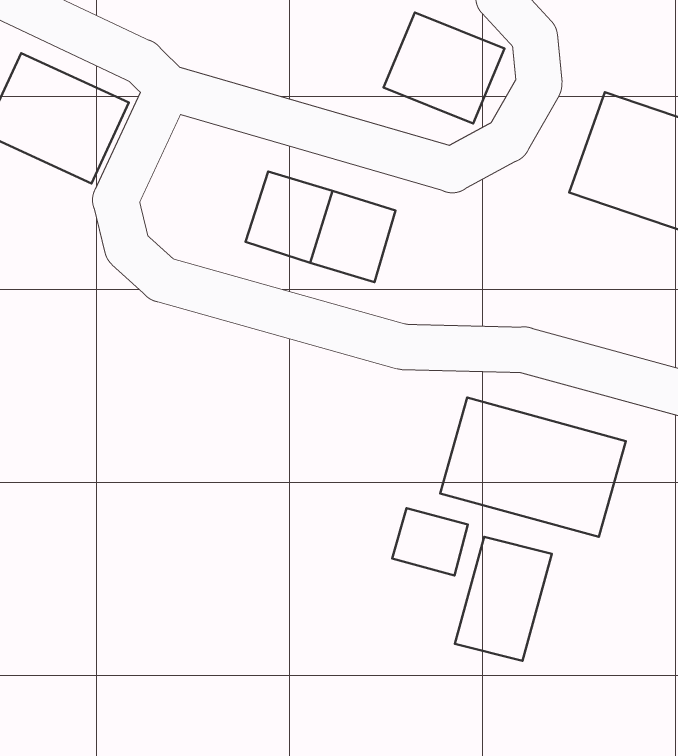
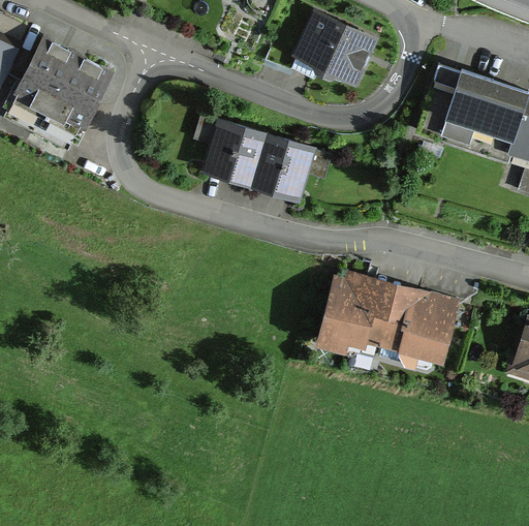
building: [392,508,468,576] -> none
building: [455,537,552,661] -> none

